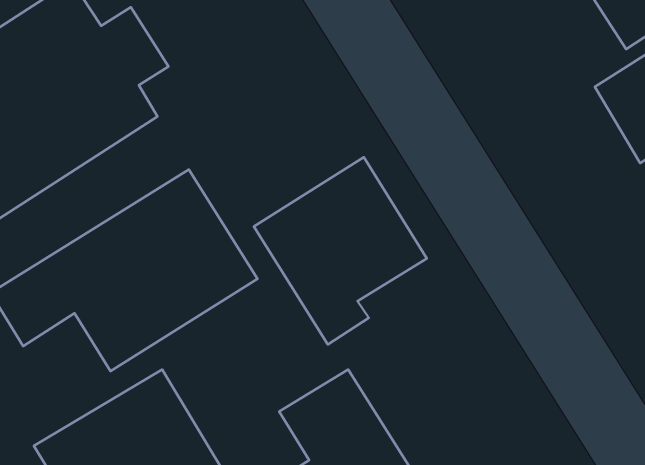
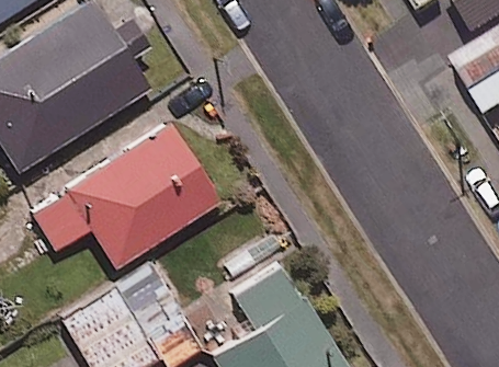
building: [254,157,427,344] -> none

